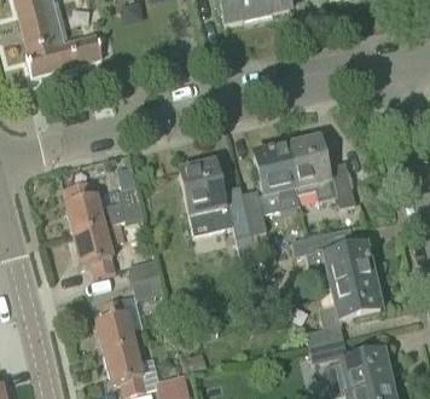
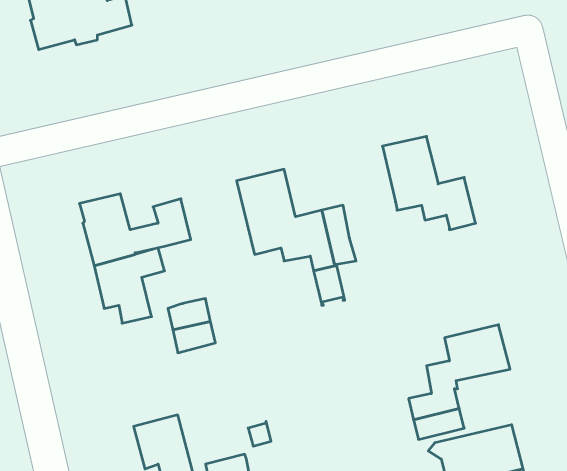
building: [254,145,301,212] -> none
building: [291,232,372,290] -> none
building: [95,299,135,352] -> none

